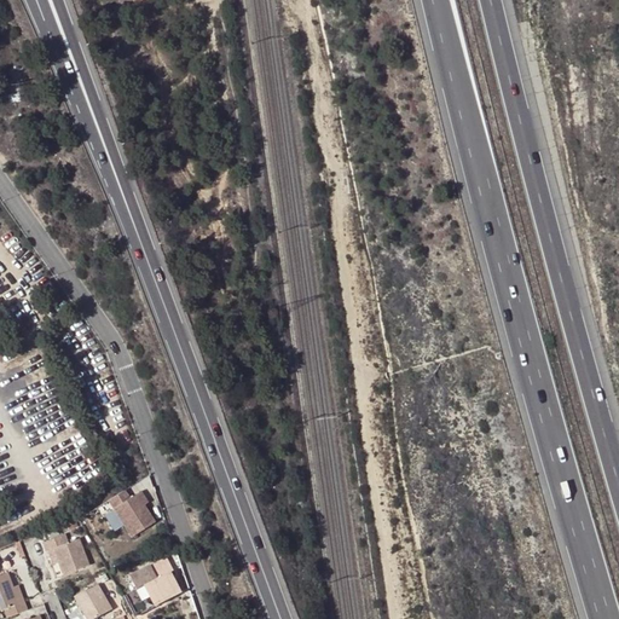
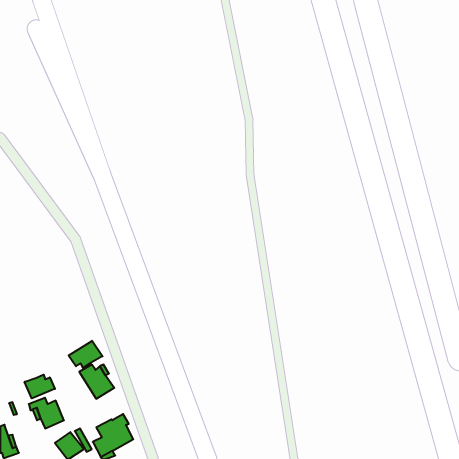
building: none -> [69,341,103,368]
building: none -> [25,375,55,398]

